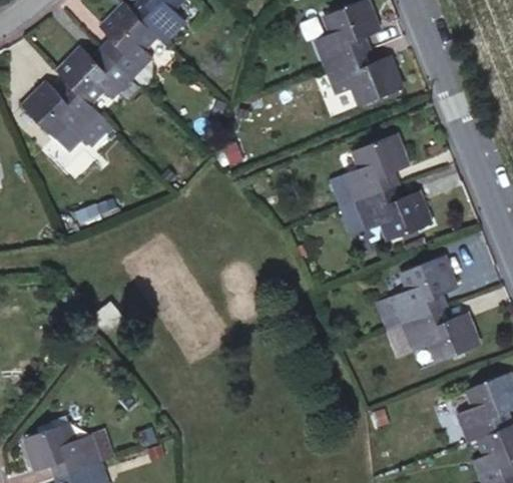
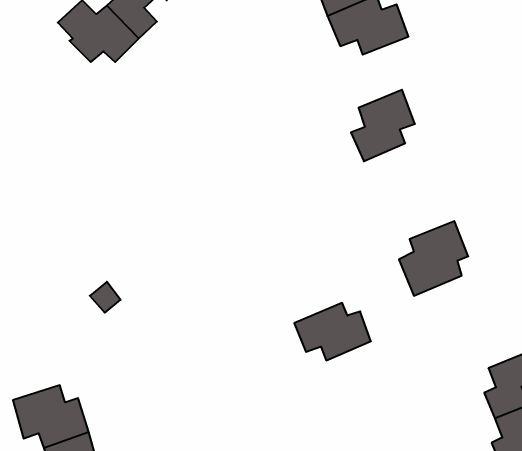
building: [28,87,107,140] -> none
building: [355,184,426,239] -> none
building: [402,309,474,363] -> [294,303,371,360]

